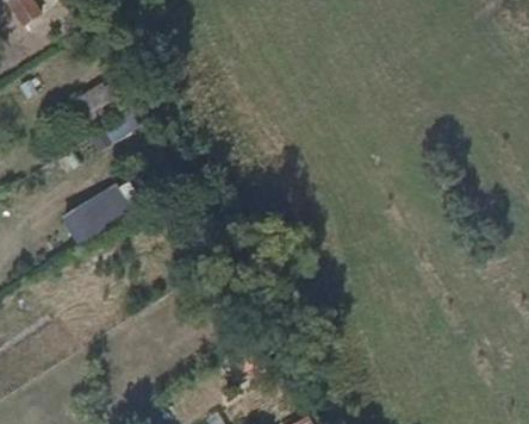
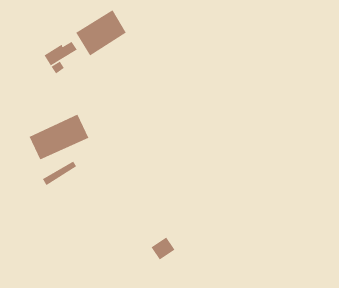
building: none -> [75,9,127,56]

